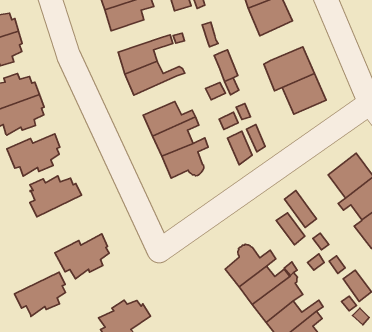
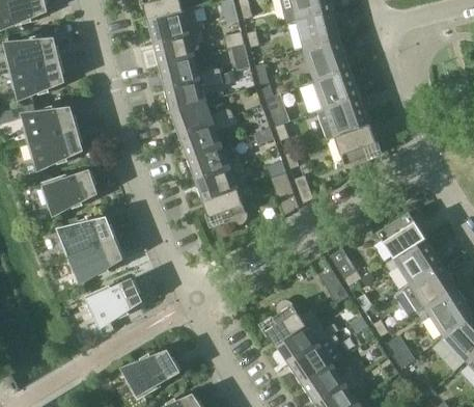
building: none -> [158,56,220,88]
building: none -> [314,67,359,108]
building: none -> [177,115,235,157]
building: [15,272,66,316] -> [66,237,120,281]

